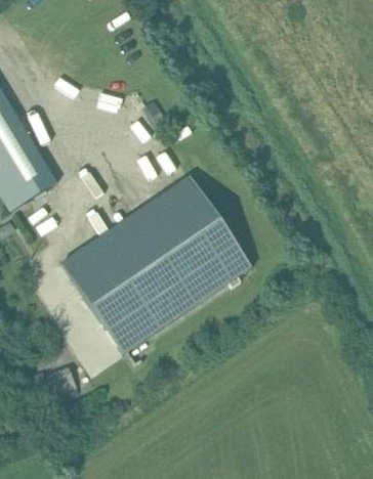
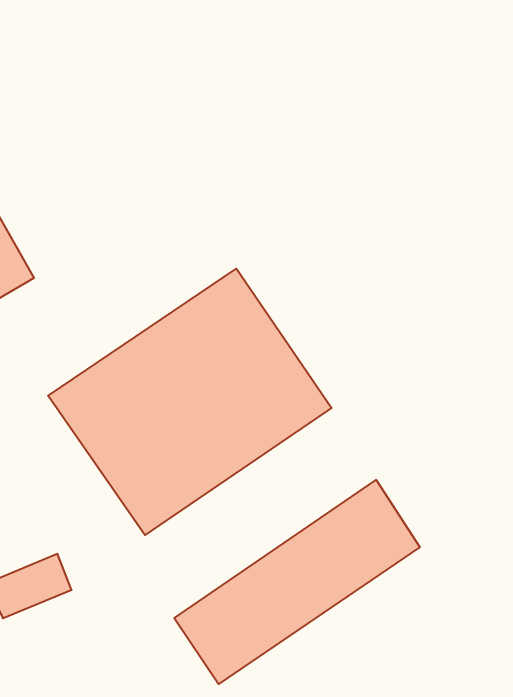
building: none -> [174,480,420,684]

